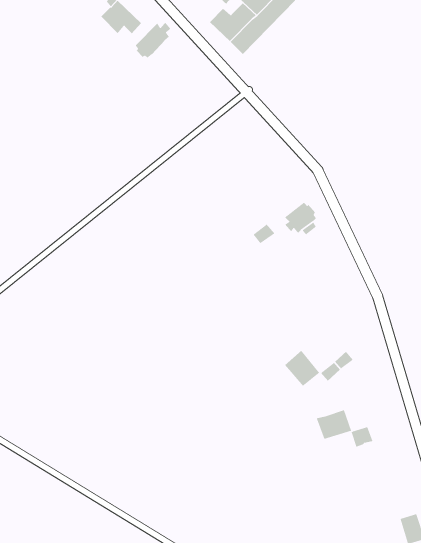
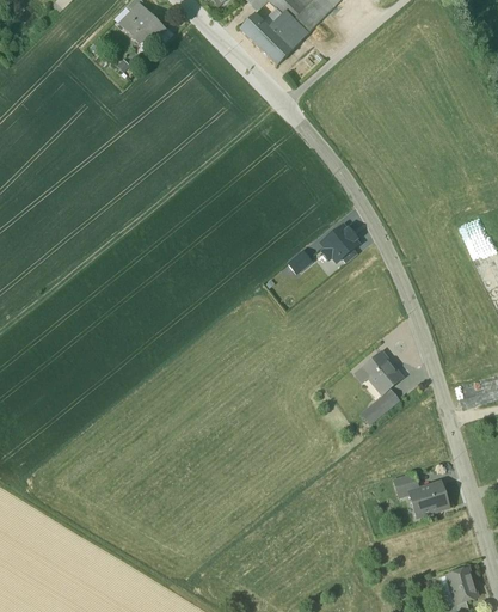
building: [135,22,171,59] -> none
building: [284,350,320,387] -> [362,351,401,392]
building: [316,409,352,440] -> [411,482,450,515]

